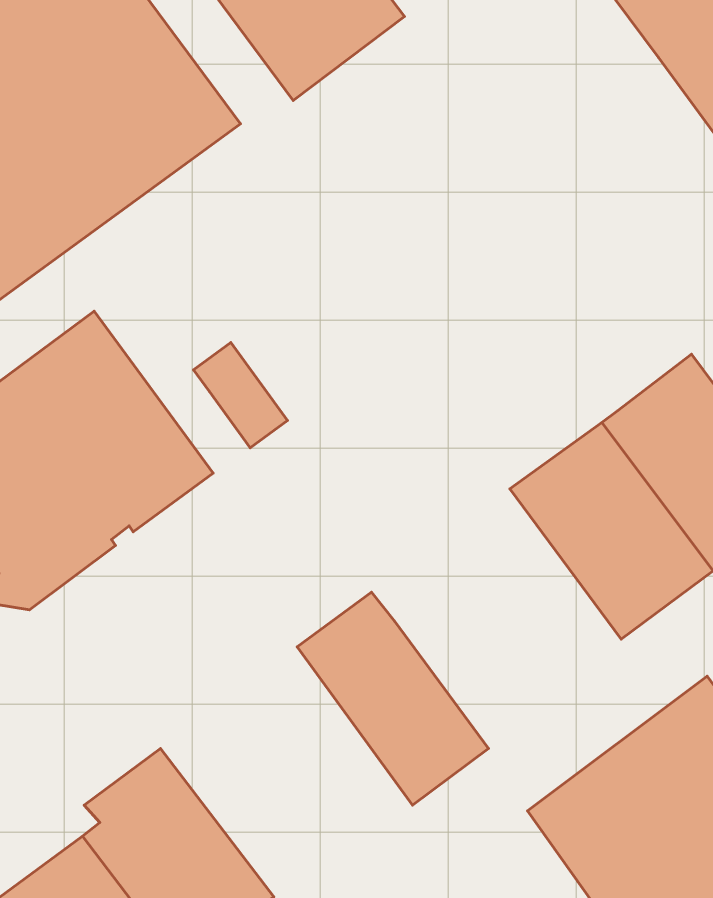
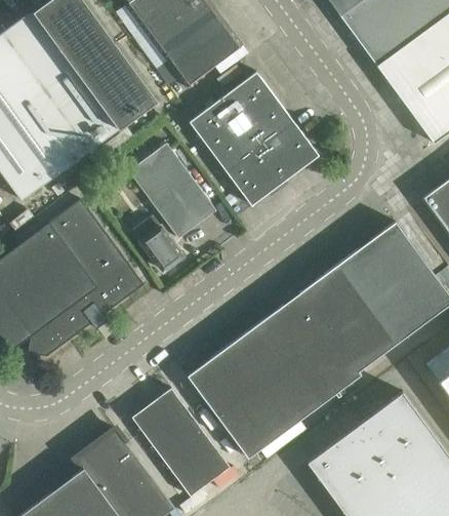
building: none -> [190,72,319,205]
building: none -> [129,143,216,238]
building: none -> [227,292,361,429]
building: none -> [132,388,230,497]

